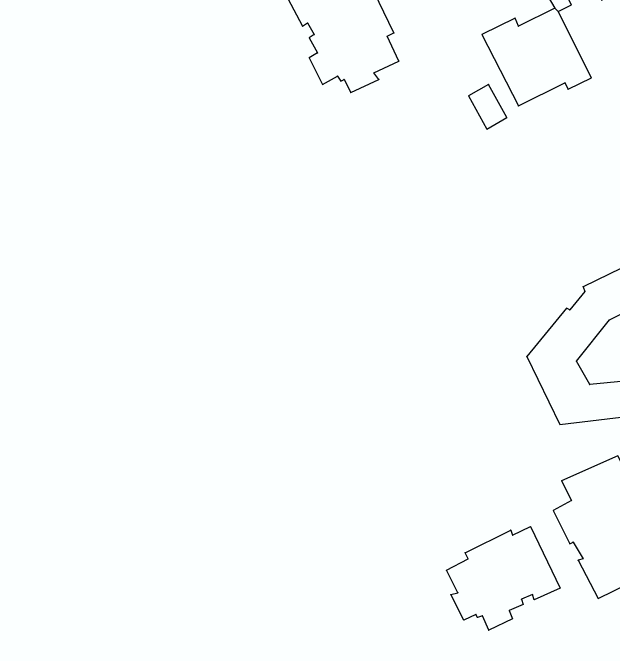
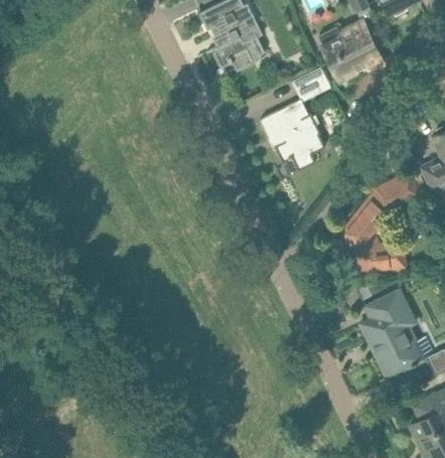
building: none -> [260,99,326,170]
building: [446,527,560,630] -> none

